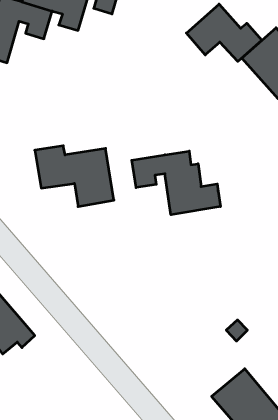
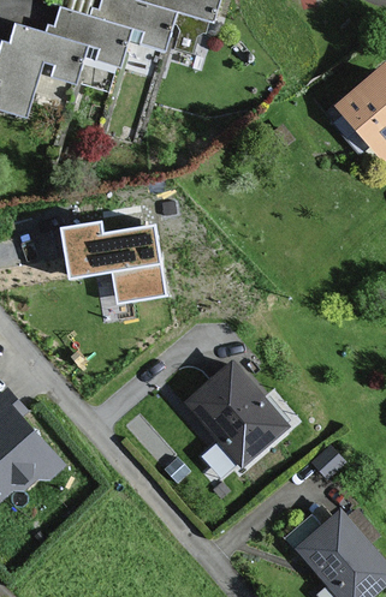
building: [186,4,262,61] -> none
building: [132,151,220,215] -> none
building: none -> [186,364,285,465]

